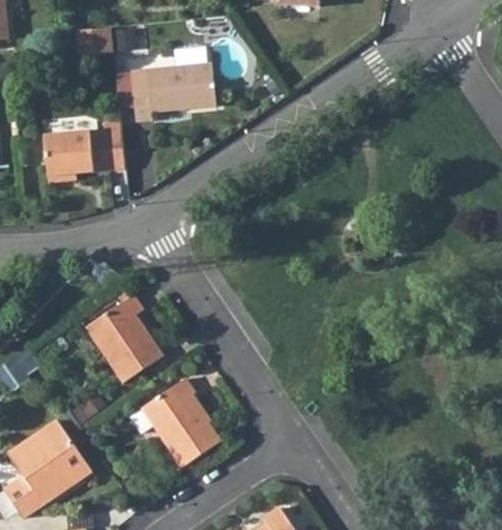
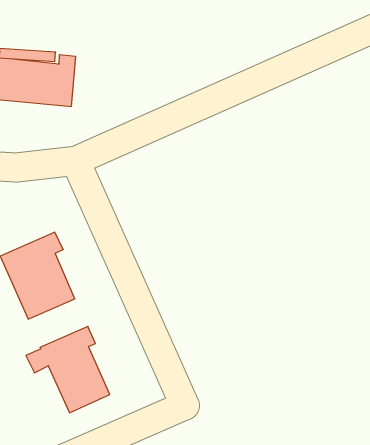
building: [136,66,219,121] -> none

